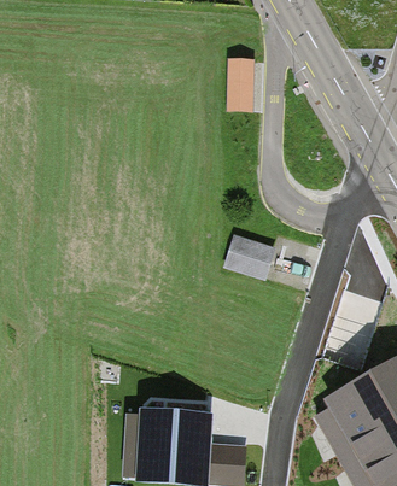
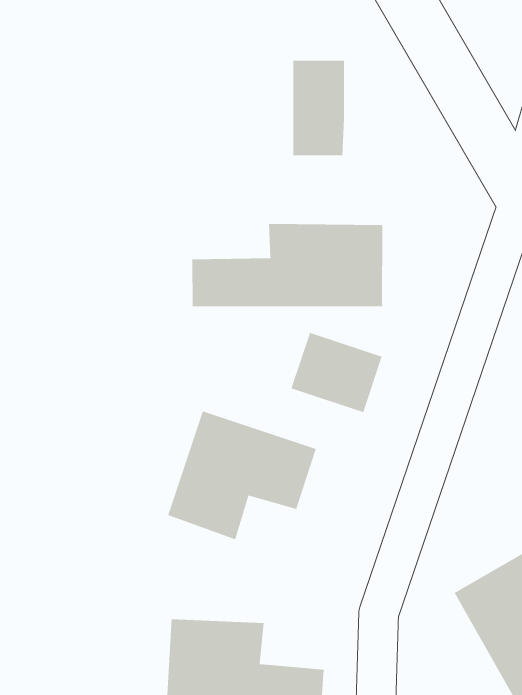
building: none -> [192,223,383,307]
building: none -> [167,411,317,540]

